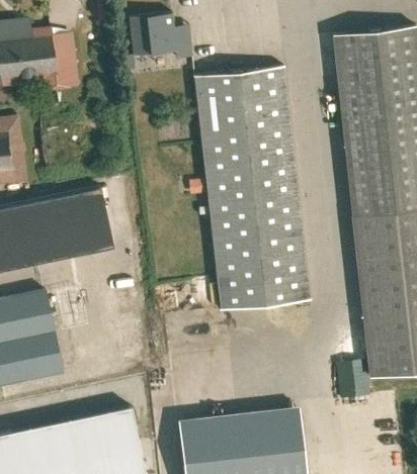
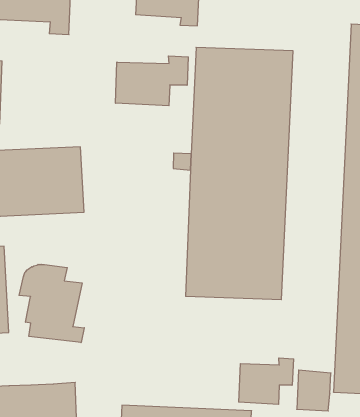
building: none -> [116,56,188,106]
building: none -> [19,264,84,343]
building: none -> [239,358,294,404]

